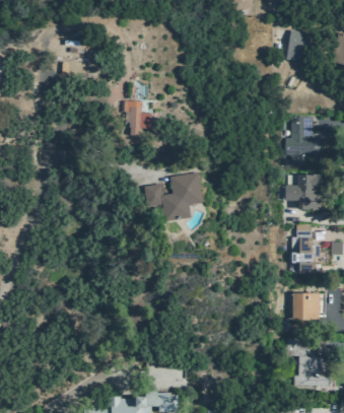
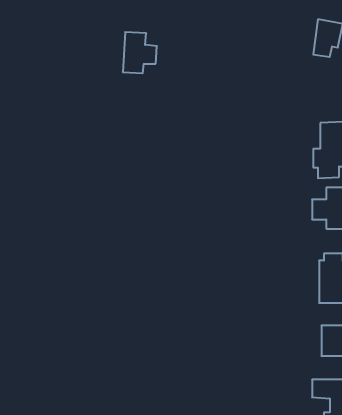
building: [121,100,150,136] -> [123,32,157,73]
building: [143,171,202,221] -> none

